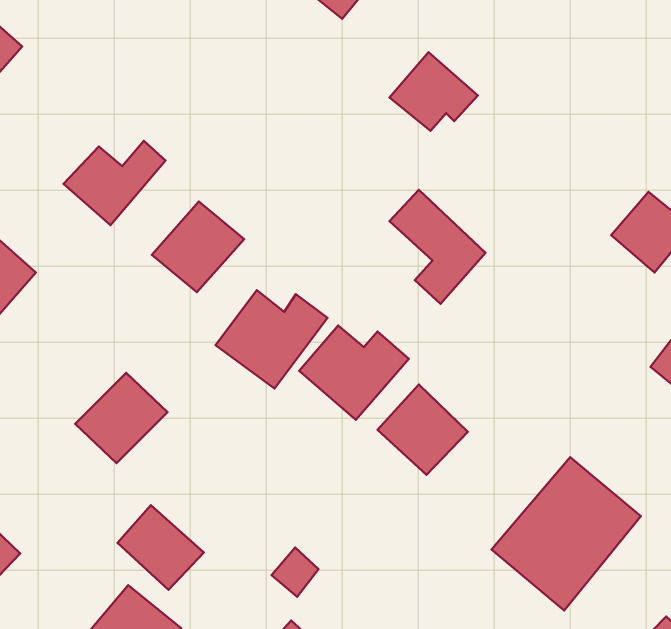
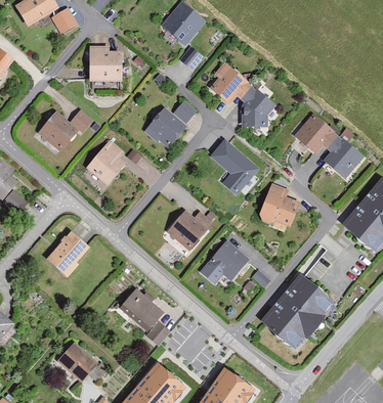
building: none -> [90,46,123,80]
building: none -> [243,88,278,130]
building: none -> [295,114,336,154]
building: none -> [255,184,302,232]
building: [215,290,327,388] -> [139,100,198,151]
building: [117,505,204,590] -> [120,287,165,331]

